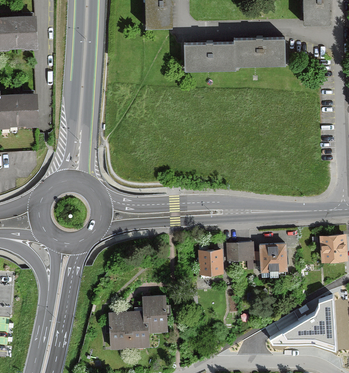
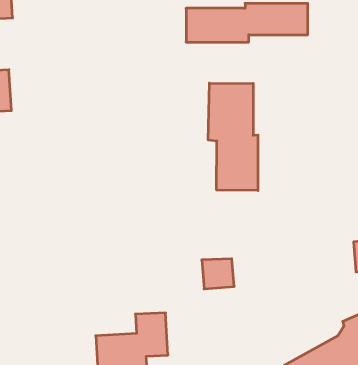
building: none -> [208,83,258,191]
building: [258,240,292,274] -> none
building: [225,242,247,260] -> none

